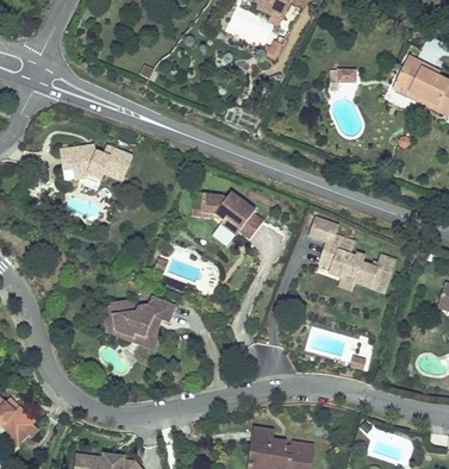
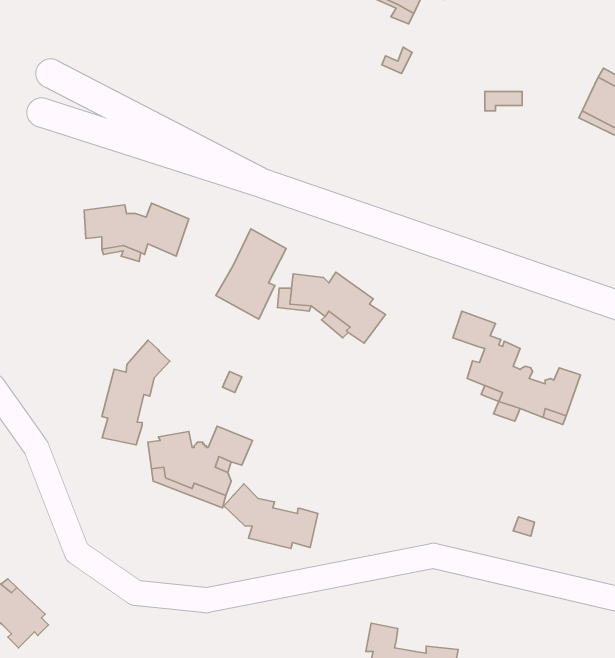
building: none -> [216,229,286,319]
building: none -> [102,340,170,445]
building: none -> [224,484,318,549]

